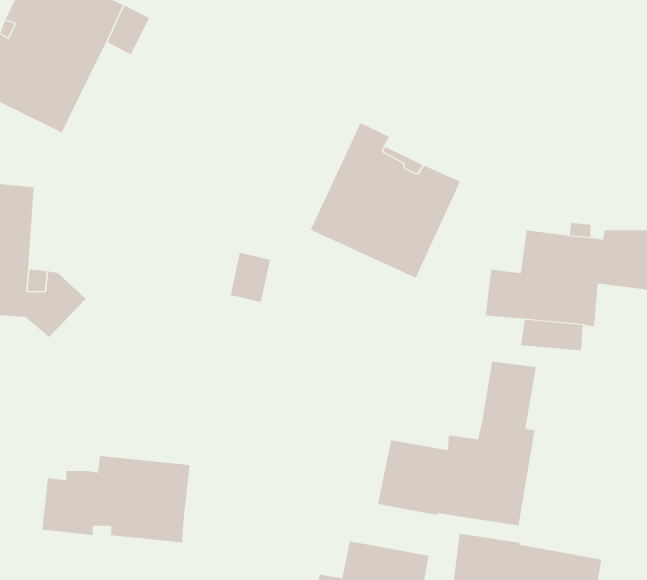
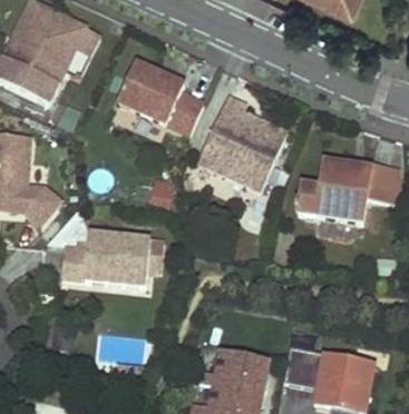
building: none -> [117,63,202,136]
building: [377,361,536,526] -> none
building: [41,456,190,543] -> [62,235,152,287]

